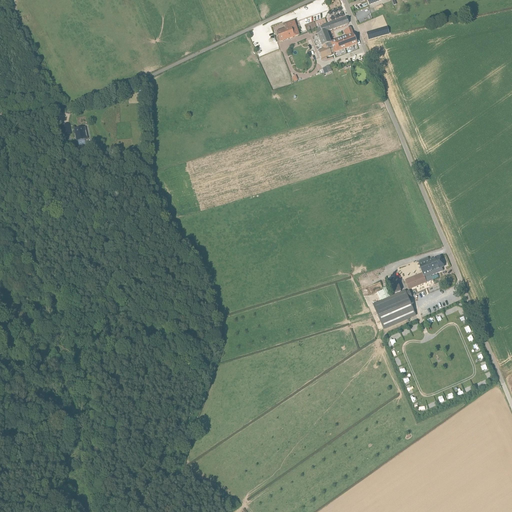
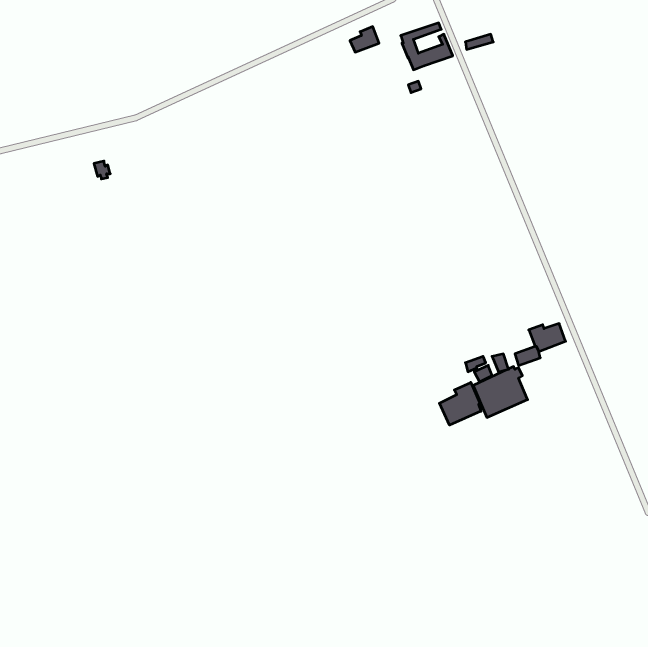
building: none -> [439,382,481,425]

